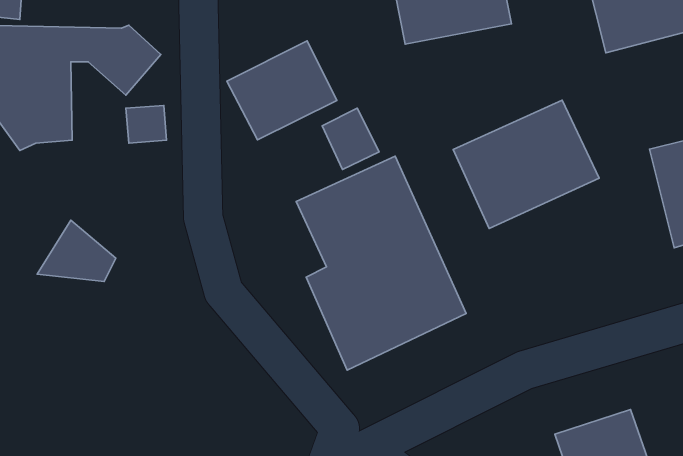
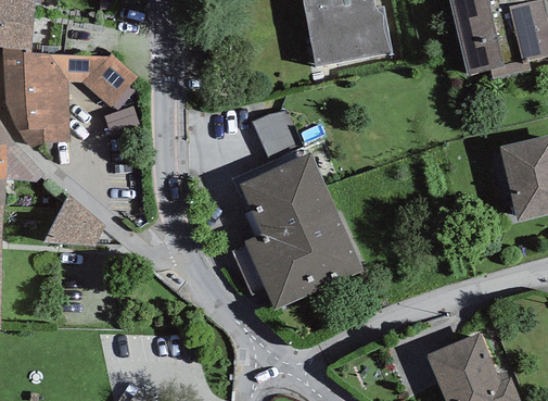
building: [227,41,337,140] -> none
building: [453,100,599,228] -> none

